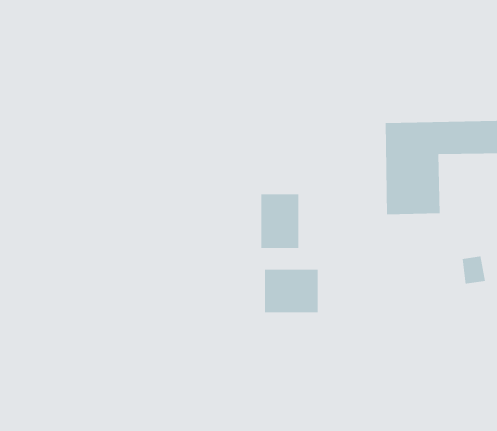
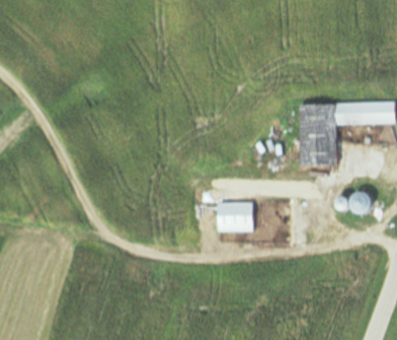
building: [261,193,299,249] -> none

